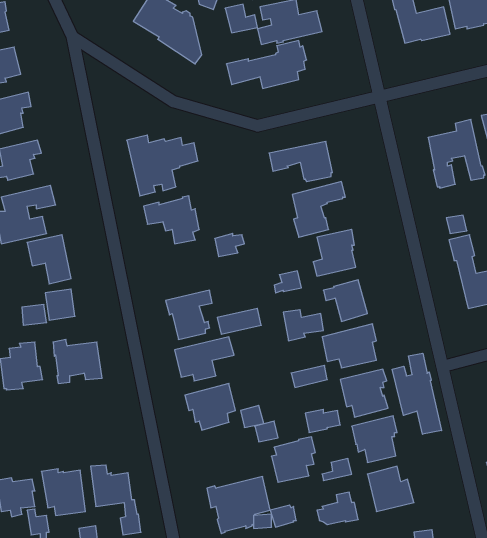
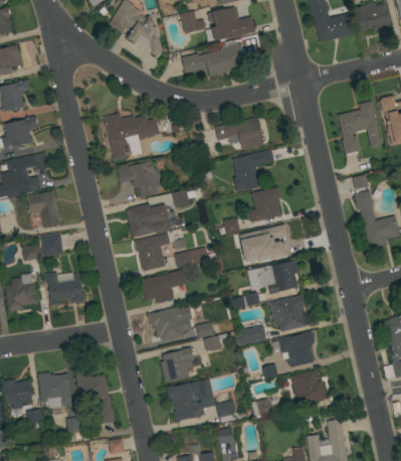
building: none -> [126,204,171,238]
building: [392,353,442,434] -> none
building: [271,437,315,482] -> [160,347,194,382]

